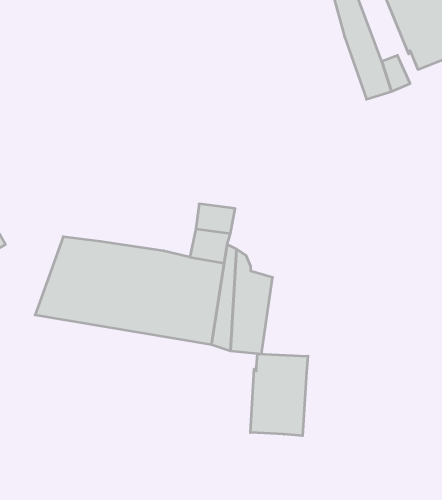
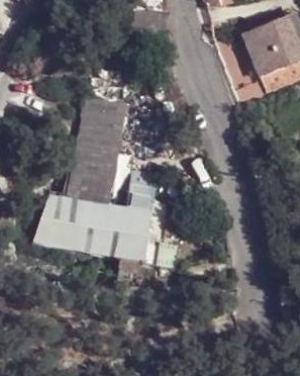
building: none -> [68,94,127,201]
building: [250,354,308,436] -> none

